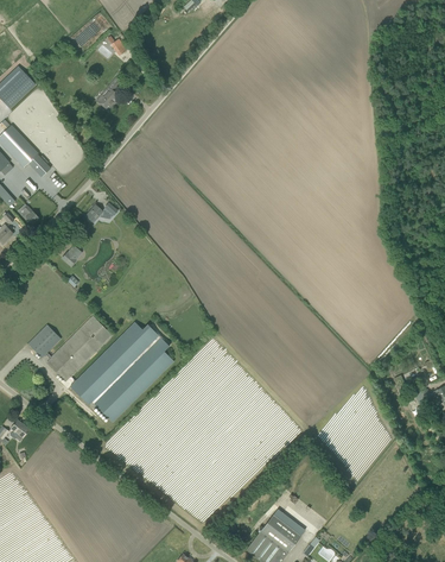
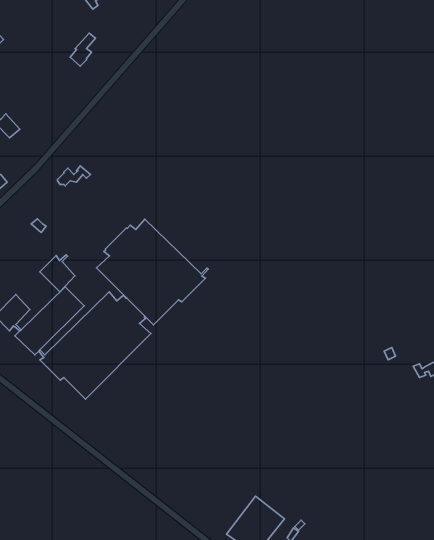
building: none -> [97,219,208,325]
building: none -> [40,255,75,292]

